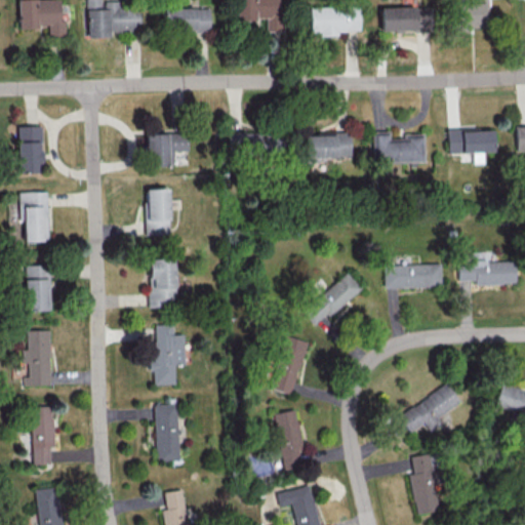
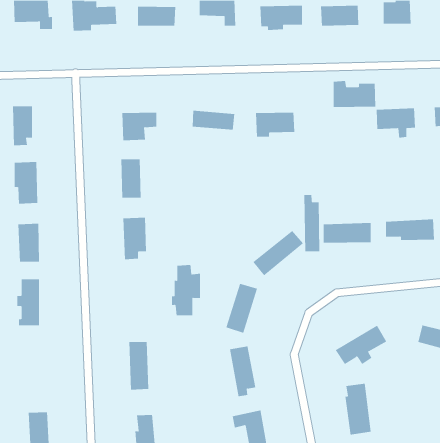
building: [375,131,427,163] -> [333,81,376,108]
building: none -> [304,194,320,252]
building: [151,324,186,385] -> [171,265,201,316]
building: [32,405,54,465] -> none

